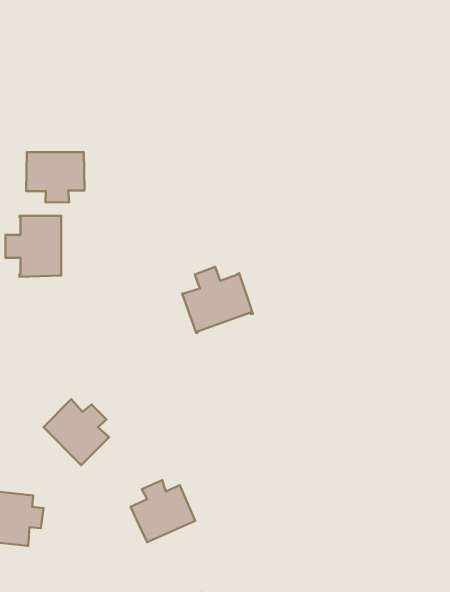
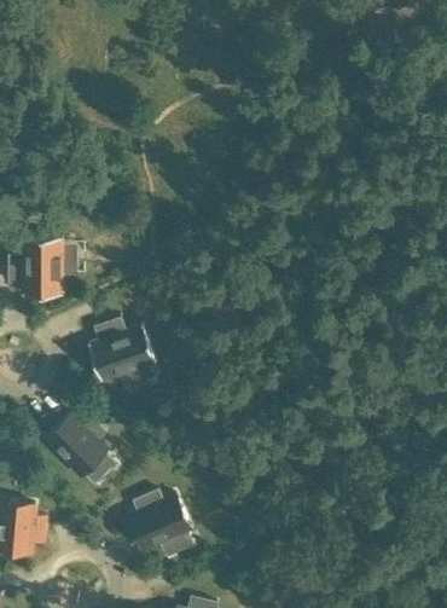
building: [26,152,85,202] -> none
building: [182,267,253,333] -> [89,322,157,384]

